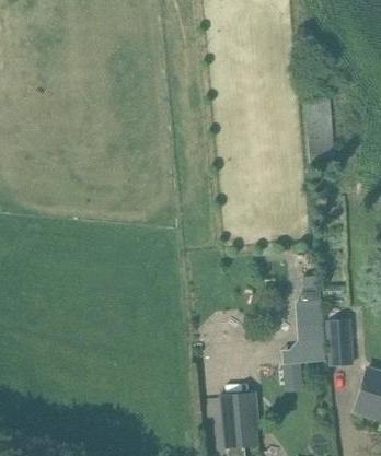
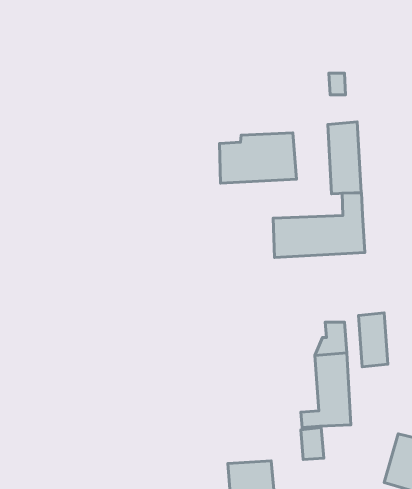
building: none -> [219,133,296,183]
building: none -> [273,193,365,257]
building: [326,320,351,366] -> [358,313,388,367]

